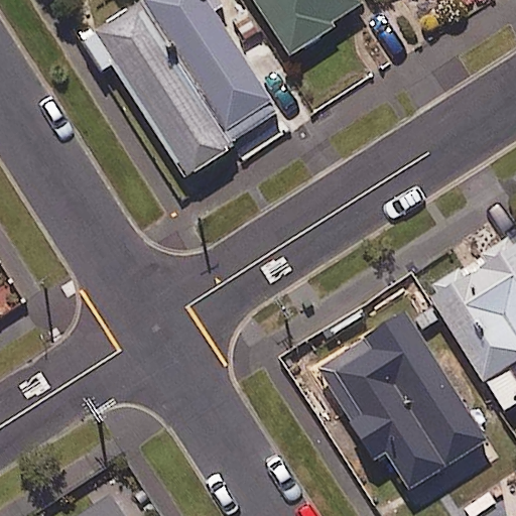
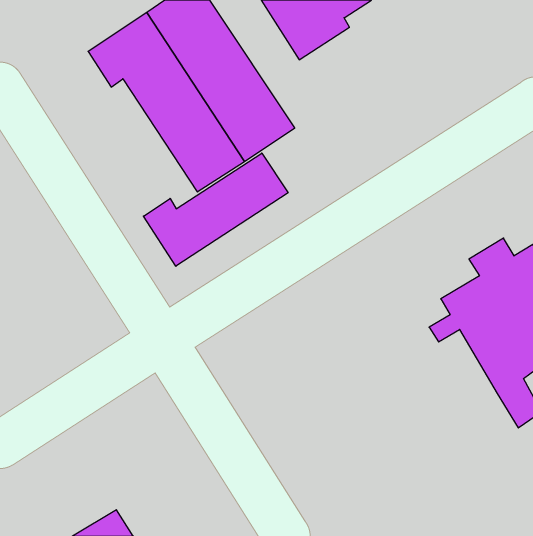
building: none -> [143,153,288,266]
building: [334,304,484,488] -> none

